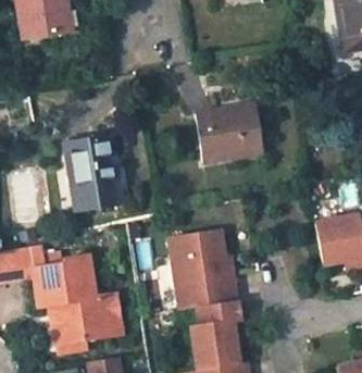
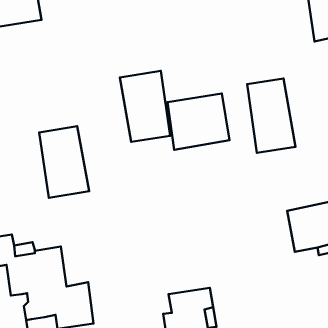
building: none -> [120,71,170,142]
building: none -> [247,79,295,153]
building: [171,229,239,309] -> none

